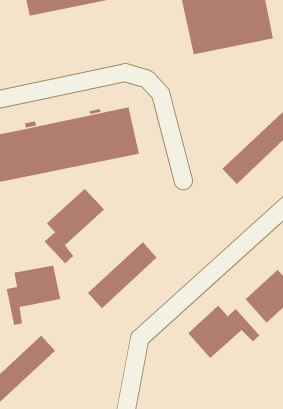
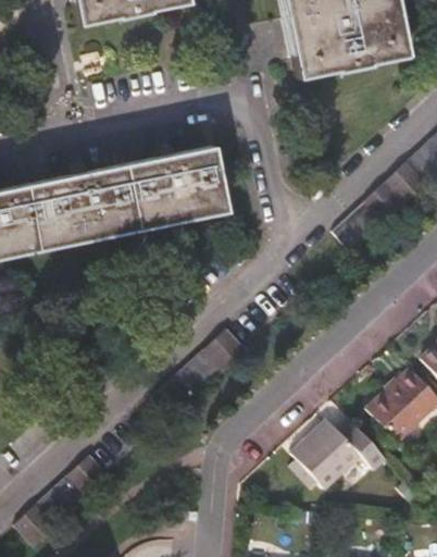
building: [44,188,105,264] -> none
building: [6,265,61,326] -> none

